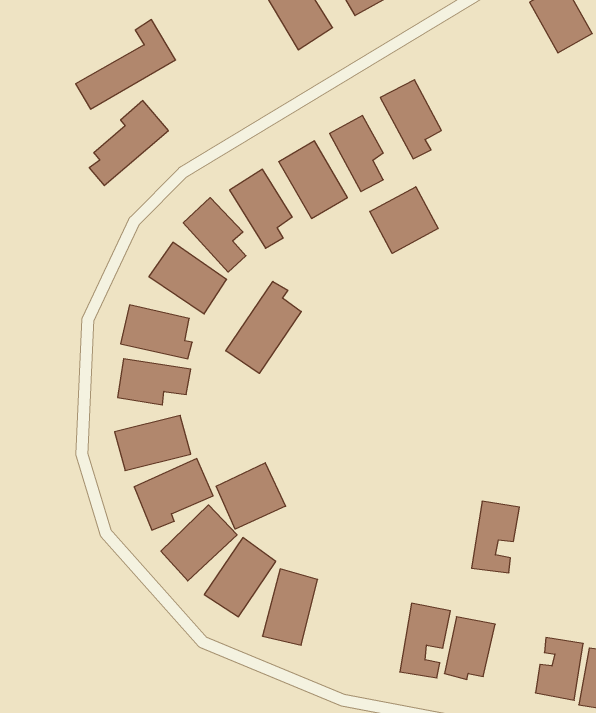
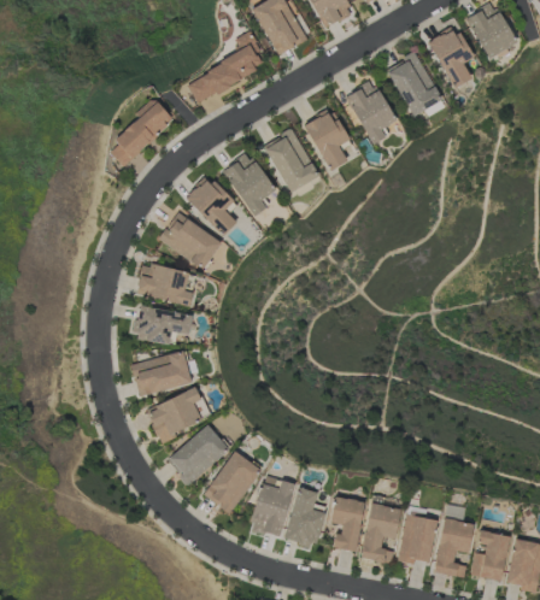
building: none -> [428,25,472,88]
building: [76,20,176,109] -> [187,30,268,102]
building: none -> [387,52,444,116]
building: [370,187,438,253] -> none
building: [226,281,301,373] -> none
building: [216,463,286,529] -> none
building: [472,501,519,573] -> [435,518,474,576]
building: none -> [284,486,325,551]
building: none -> [331,496,365,551]

